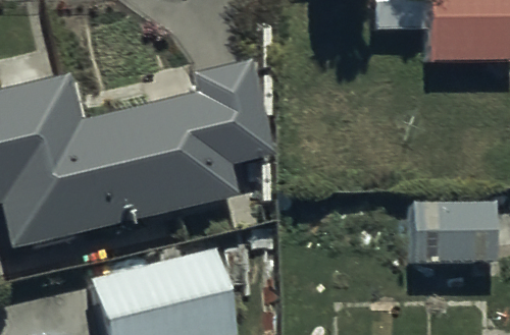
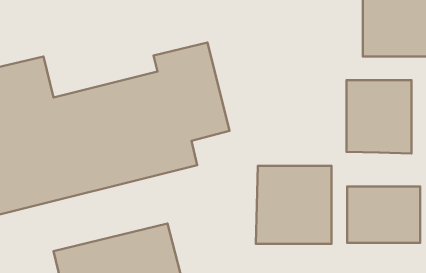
building: none -> [346,80,412,153]
building: none -> [256,166,331,244]

